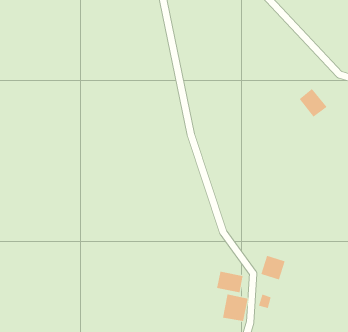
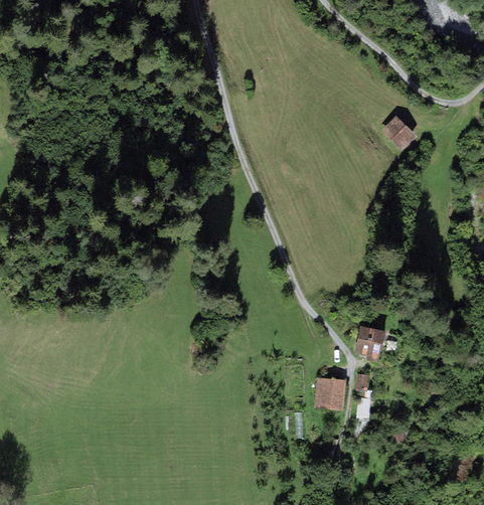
building: [217,271,243,293] -> none

